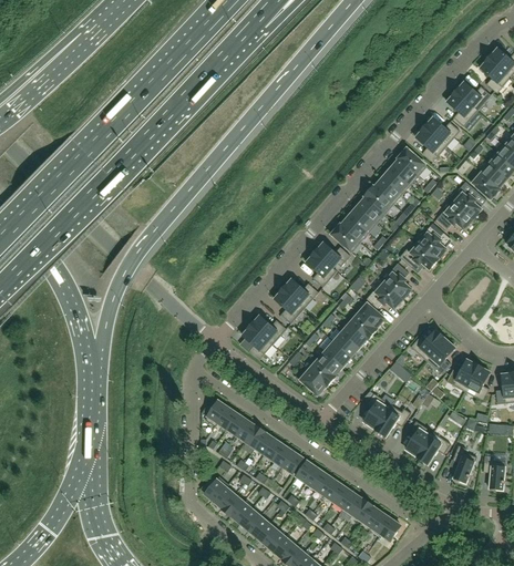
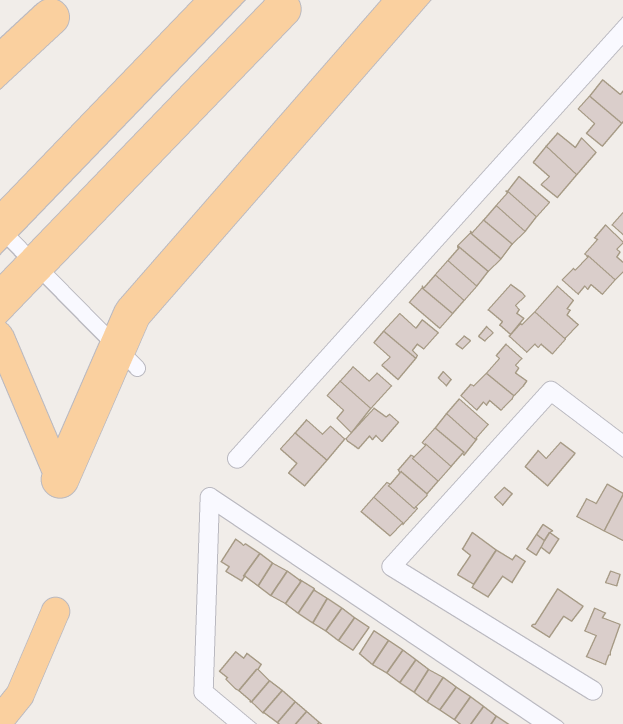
building: none -> [488,284,525,334]
building: none -> [346,408,398,449]
building: [425,338,454,373] -> none
building: [405,421,432,455] -> none

